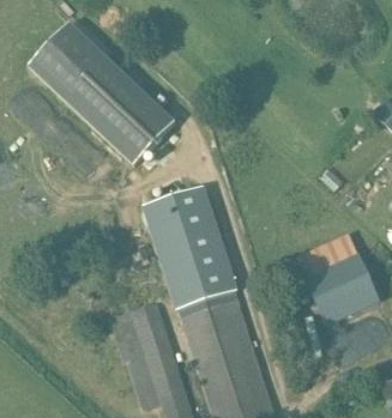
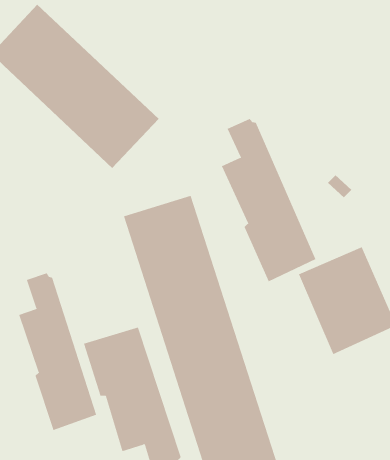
building: none -> [221,118,316,282]
building: none -> [18,272,97,431]

